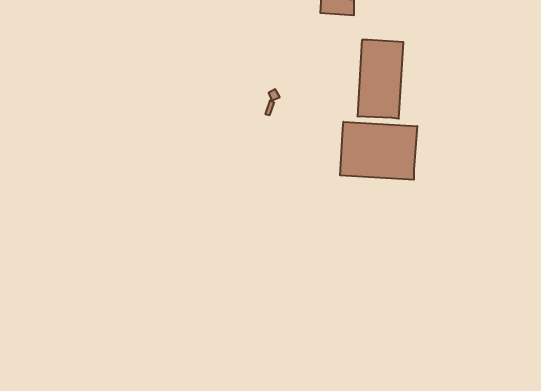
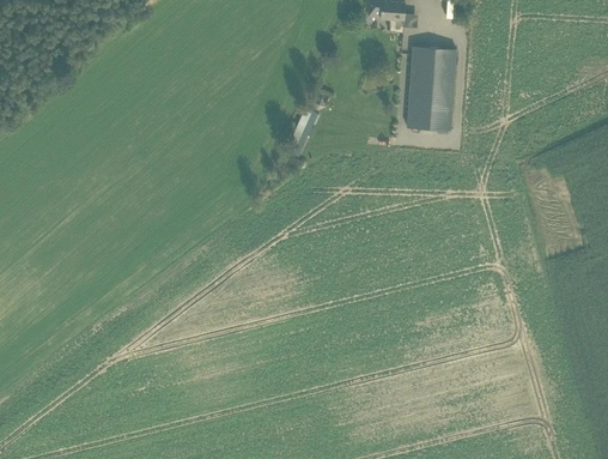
building: [340,122,417,180] -> none

